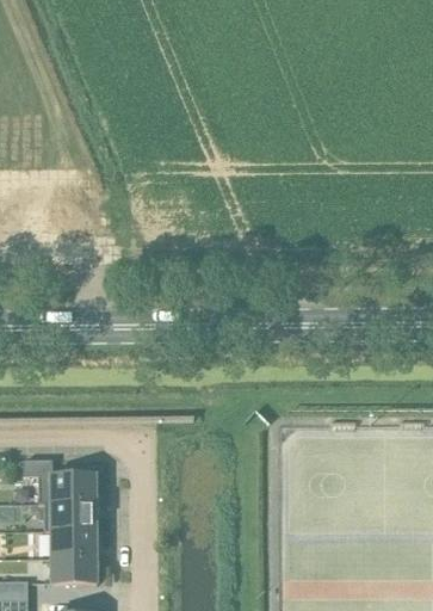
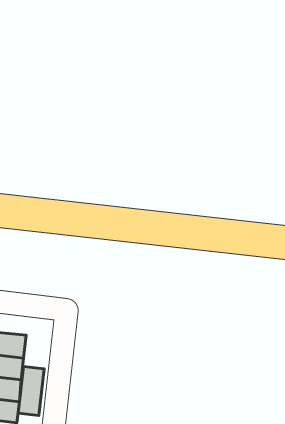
building: none -> [18,366,44,416]

